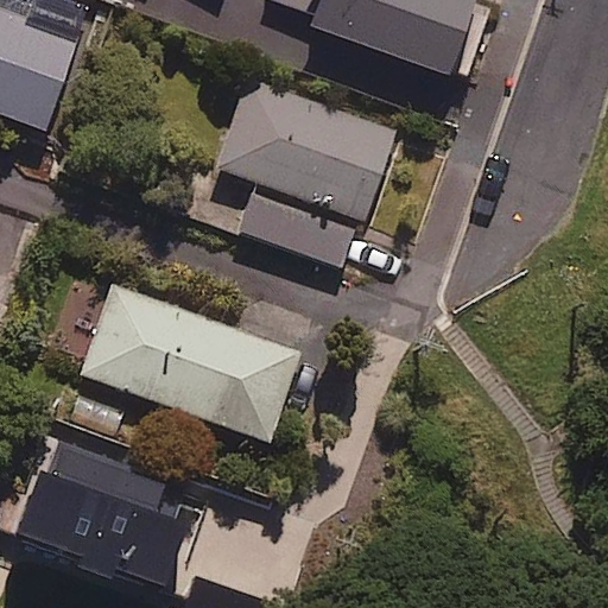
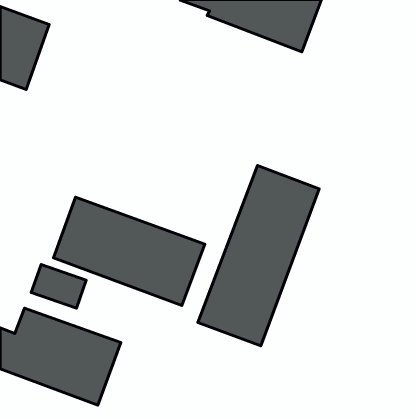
building: [222,81,395,267] -> none
building: none -> [198,165,319,346]

